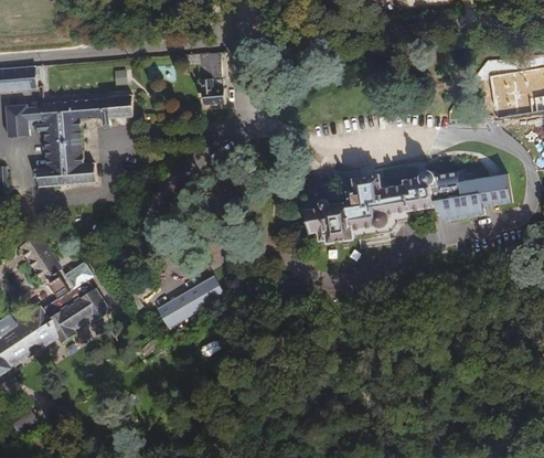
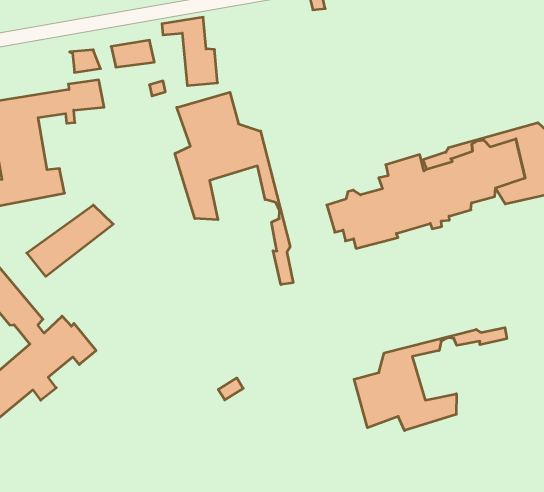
building: none -> [175,92,293,285]
building: [156,274,226,327] -> [27,205,113,276]
building: none -> [354,328,507,431]

